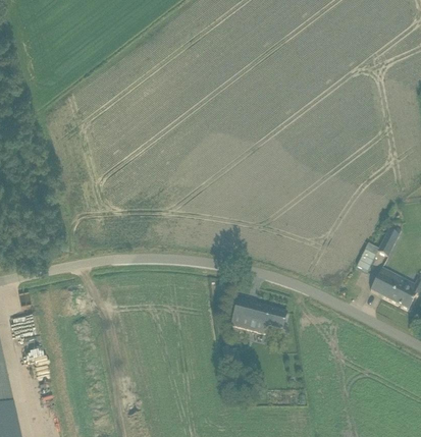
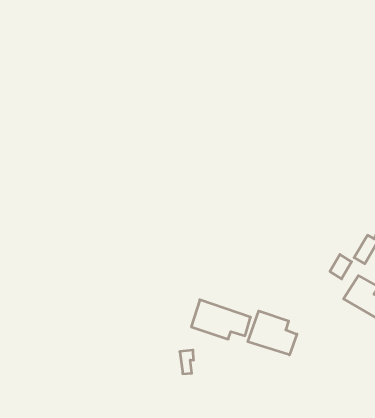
building: none -> [248,311,297,355]

